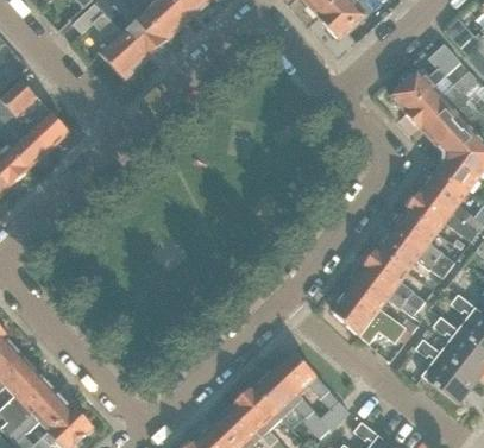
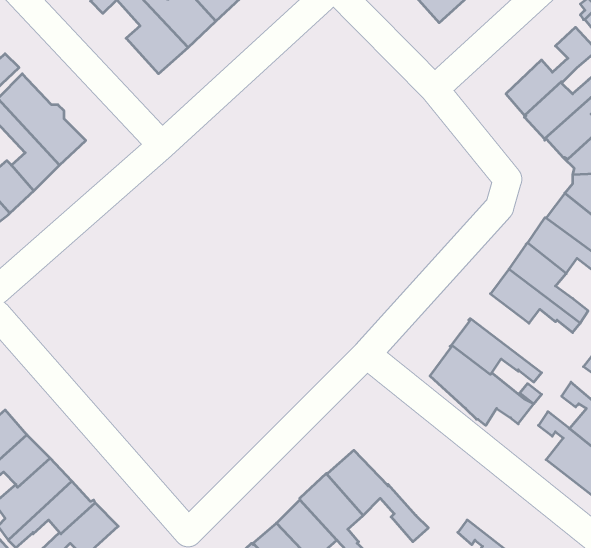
building: [363,247,423,308] -> none
building: [274,349,348,428] -> none

